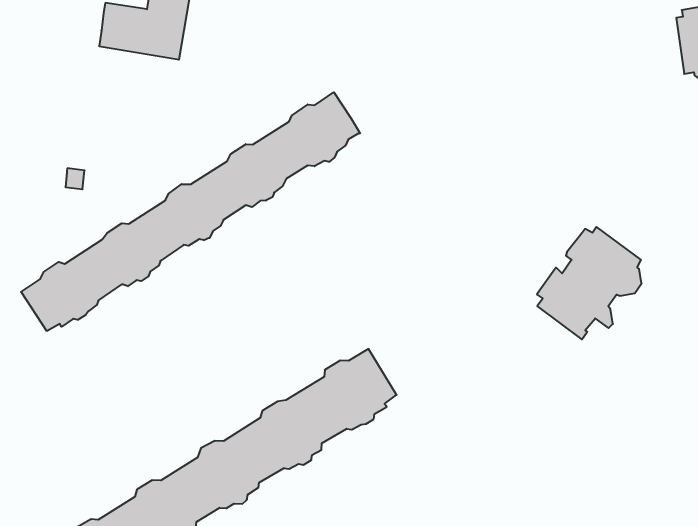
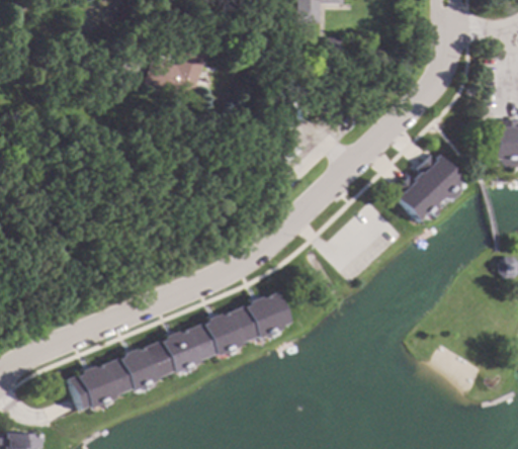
building: [21,92,360,331] -> none
building: [537,227,642,339] -> [395,155,461,220]

